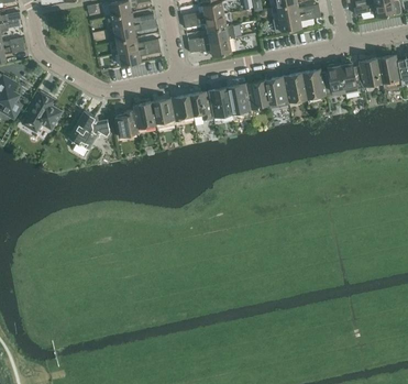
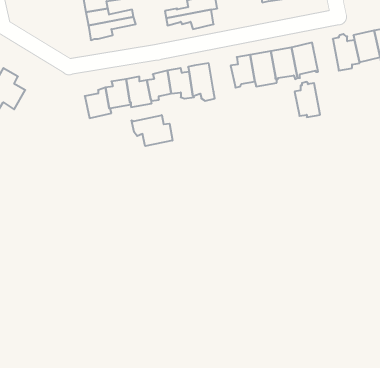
building: [322,64,345,96] -> [295,82,320,117]
building: [228,85,252,112] -> none
building: [69,110,110,149] -> none
building: none -> [132,115,172,146]

